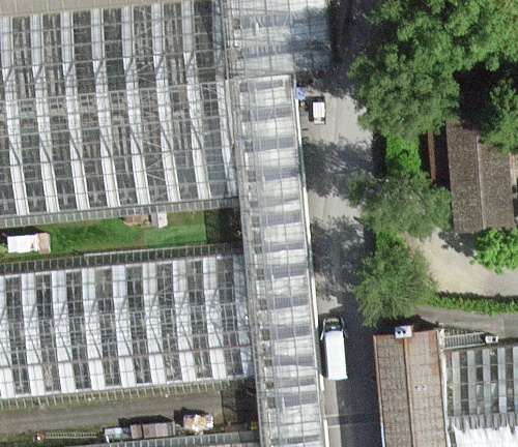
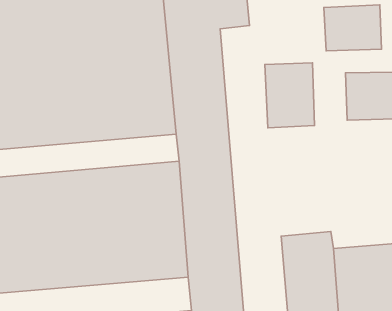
building: none -> [324,5,381,51]
building: none -> [265,63,314,128]

